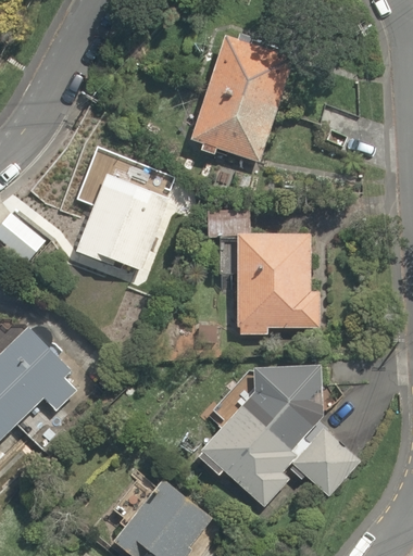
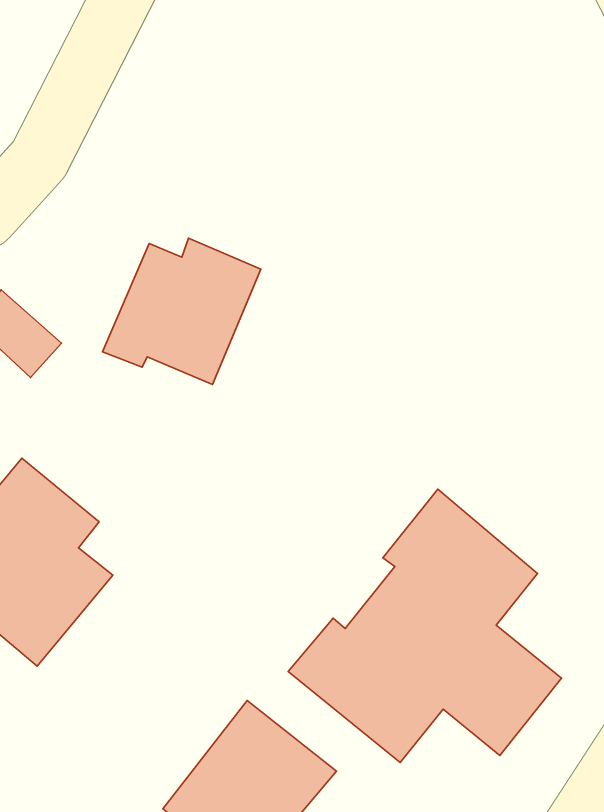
building: [190,34,295,162] -> none
building: [233,230,326,336] -> none

